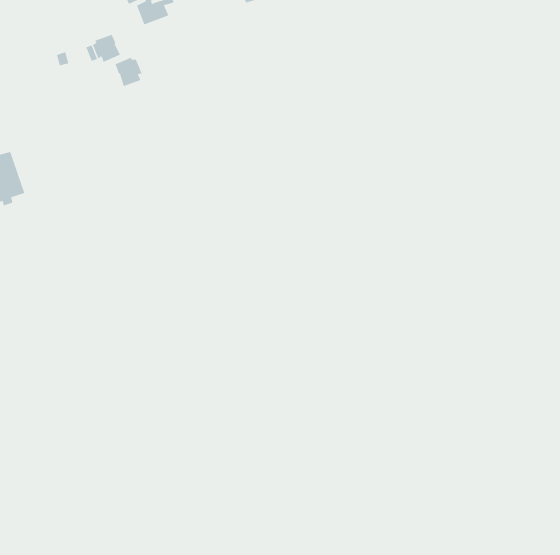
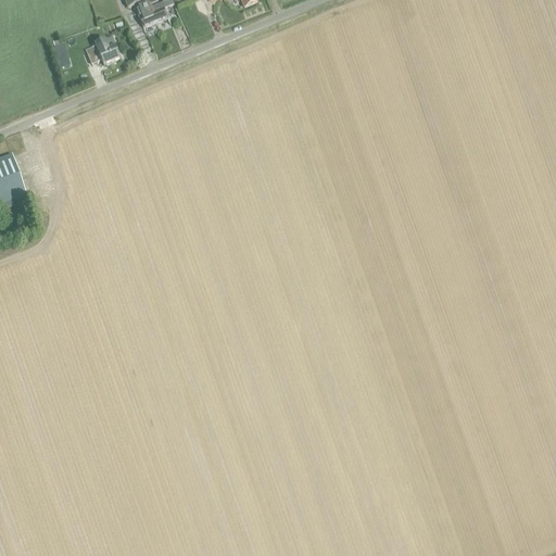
building: [115,57,142,87] -> none

